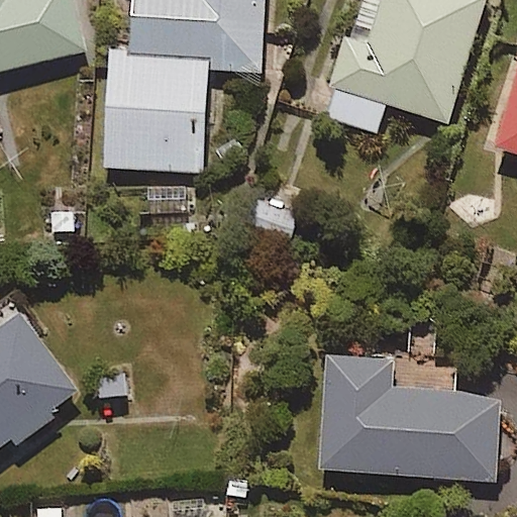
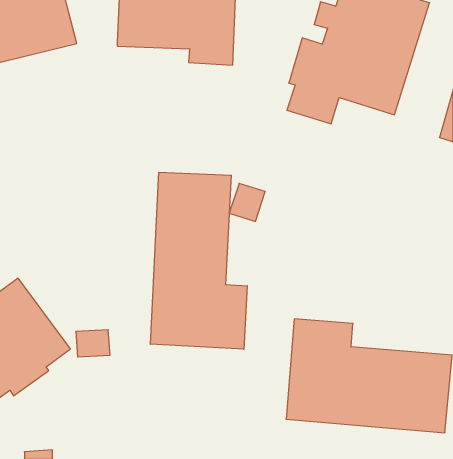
building: [103,46,212,171] -> none
building: none -> [150,172,247,349]

